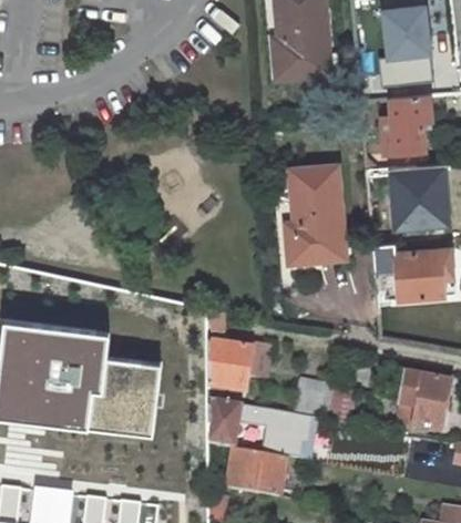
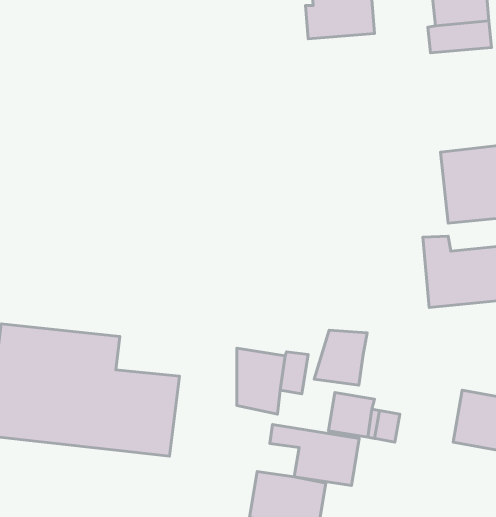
building: [390,94,429,154] -> none
building: [284,166,344,258] -> none
building: none -> [314,330,367,385]
building: [211,401,243,449] -> none

